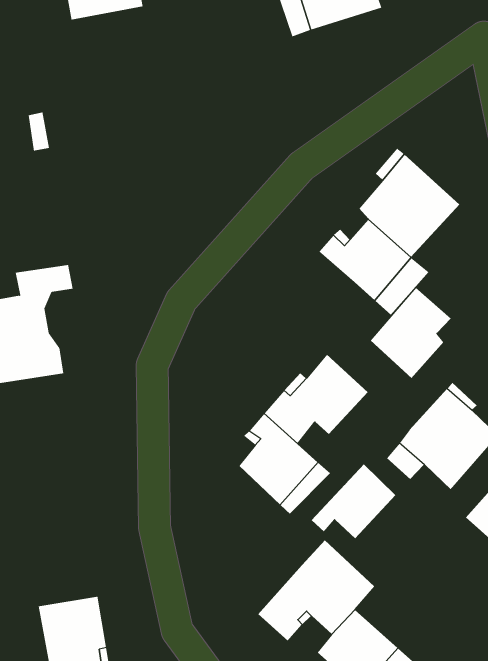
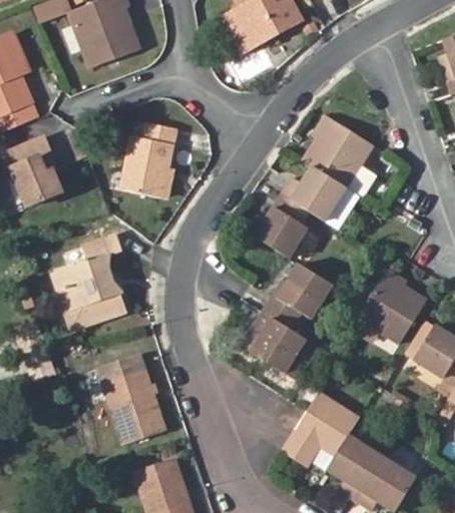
building: none -> [119,122,172,198]
building: [370,287,451,379] -> [259,193,312,256]
building: none -> [104,367,166,443]
building: [311,463,396,539] -> none

